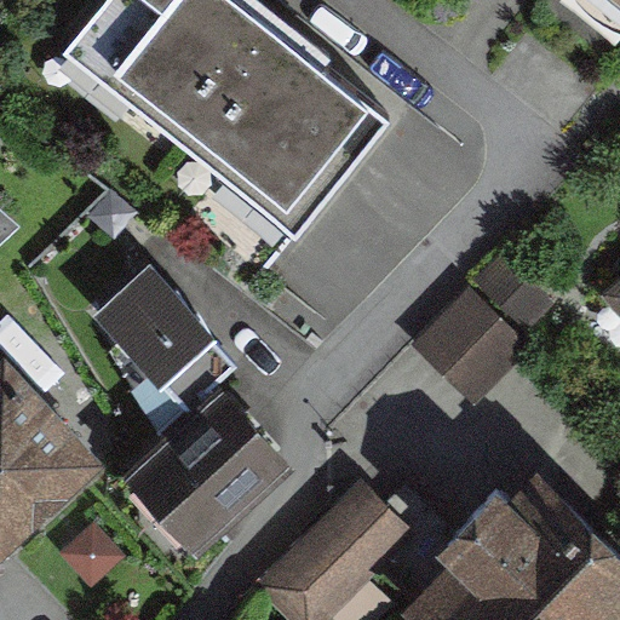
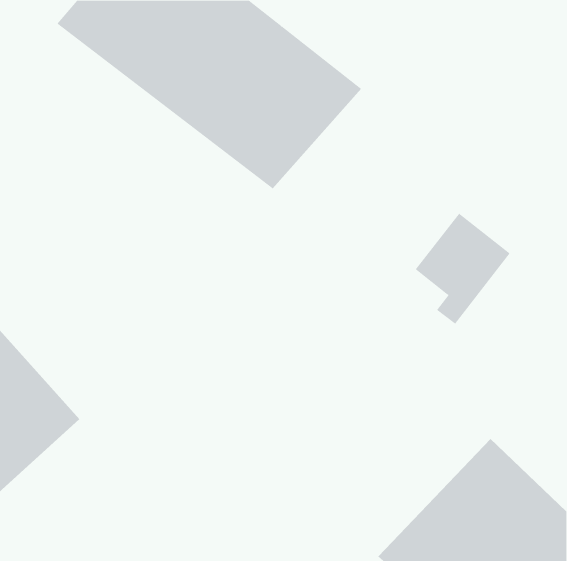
building: [101,285,229,417] -> none
building: [128,406,272,547] -> none
building: [285,495,395,609] -> none

